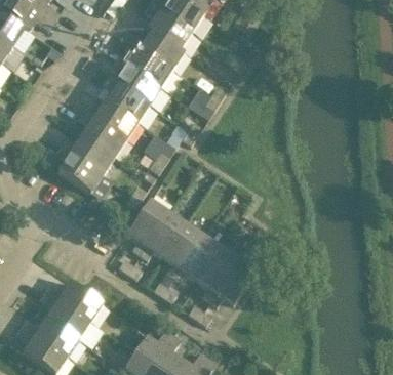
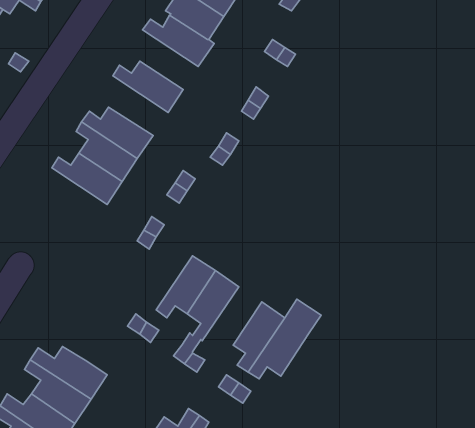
building: [125,43,171,88] -> none
building: [102,78,149,123] -> none
building: [55,148,103,194] -> none
building: [127,202,167,255] -> none
building: [174,238,220,285] -> none

